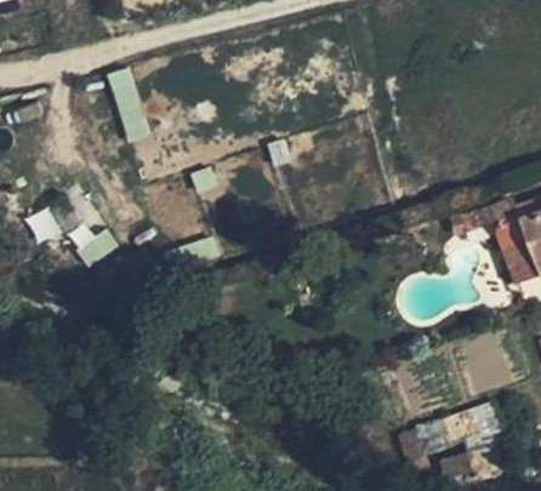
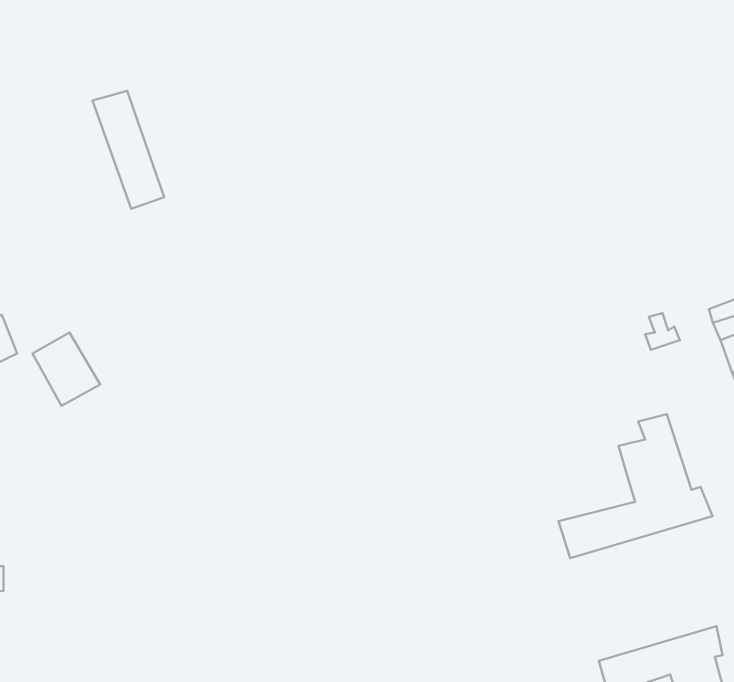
building: none -> [558,414,712,558]

